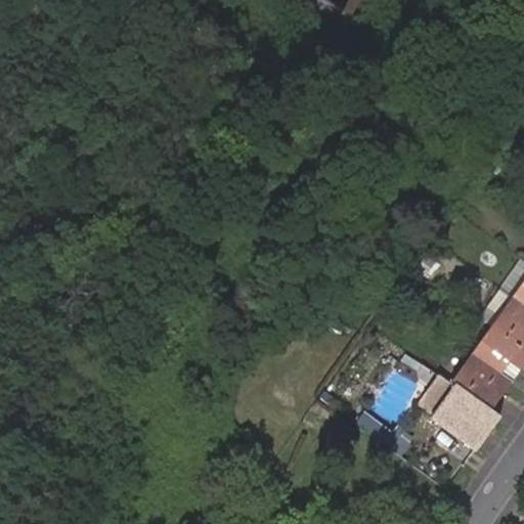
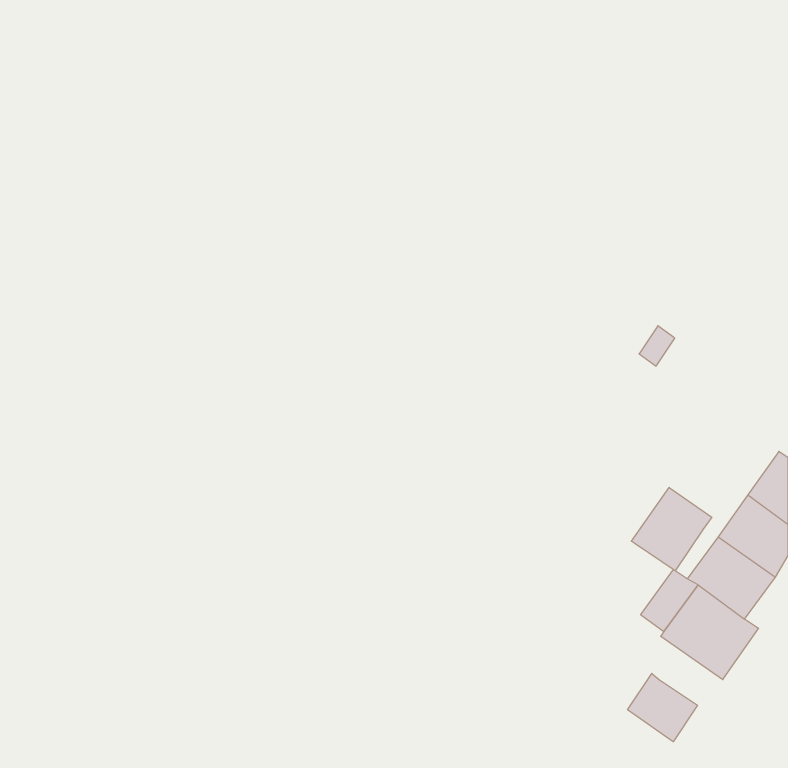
building: none -> [631,487,712,571]
building: none -> [628,673,697,742]

